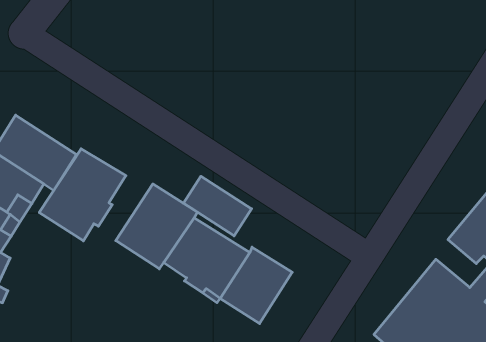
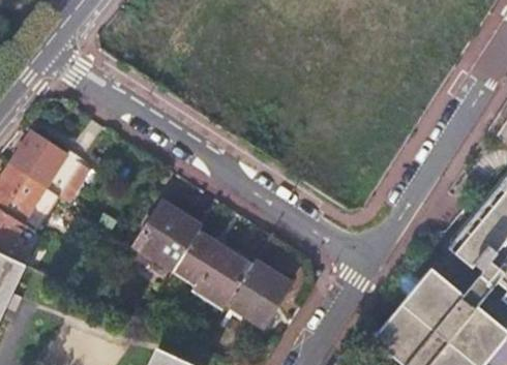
building: [39,149,126,241] -> none
building: [183,176,252,236] -> none

